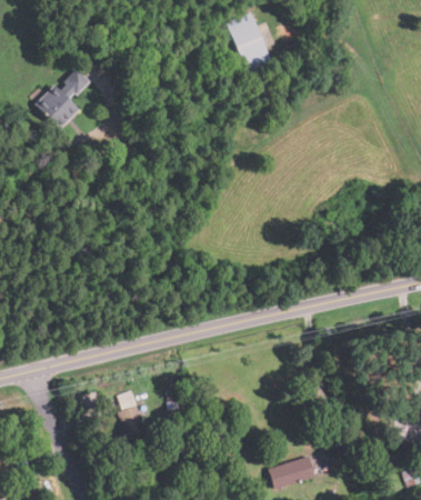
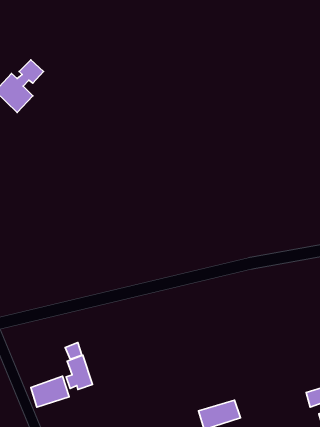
building: [225,11,271,72] -> none
building: none -> [31,376,69,407]

